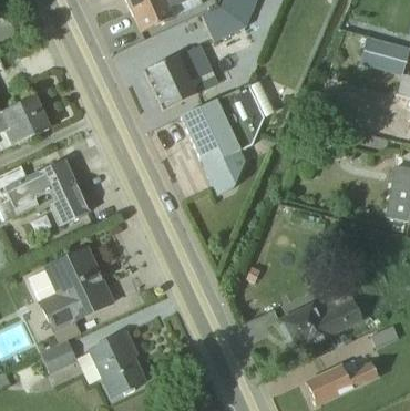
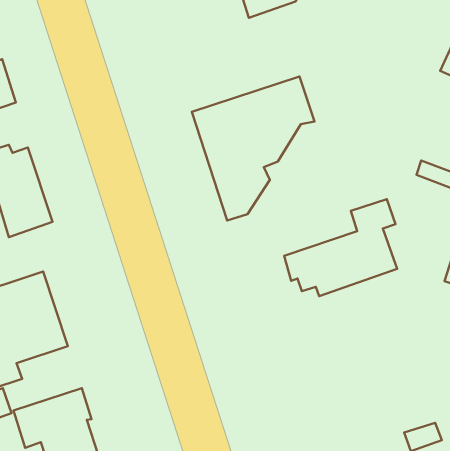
building: [146,44,219,109] -> none
building: [279,267,365,346] -> [284,199,397,296]

